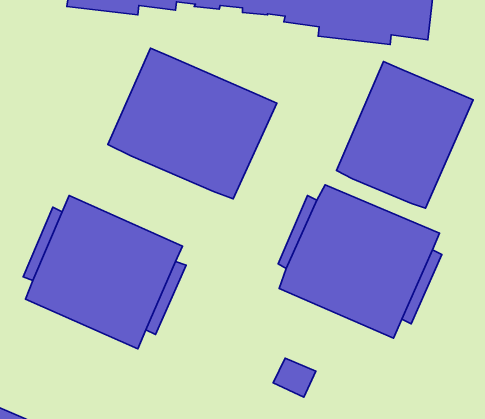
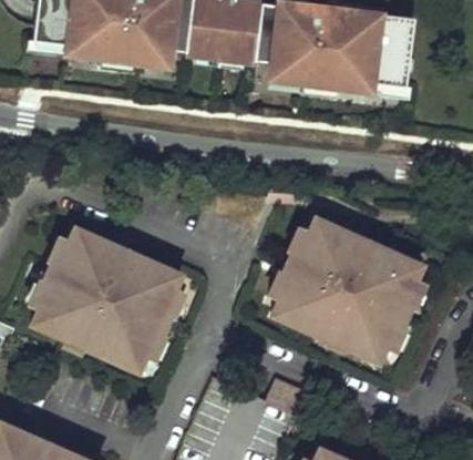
building: [108,48,277,199] -> none
building: [336,62,473,208] -> none

